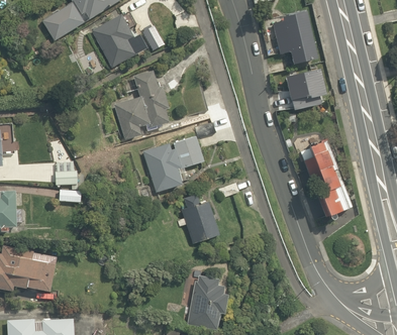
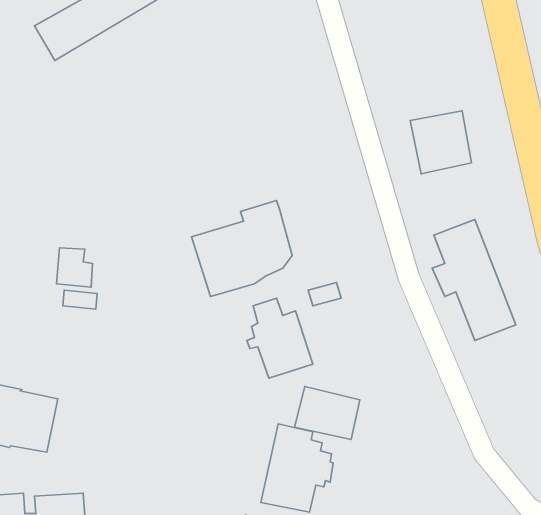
building: [92,14,148,68] -> none
building: [270,15,317,68] -> none
building: [112,68,172,141] -> none
building: none -> [295,386,360,439]

